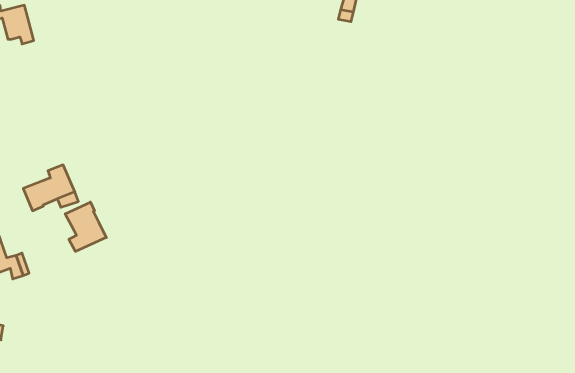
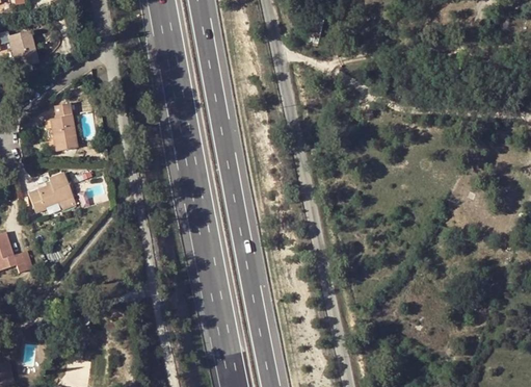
building: none -> [50,103,77,151]
building: [65,202,106,251] -> none

